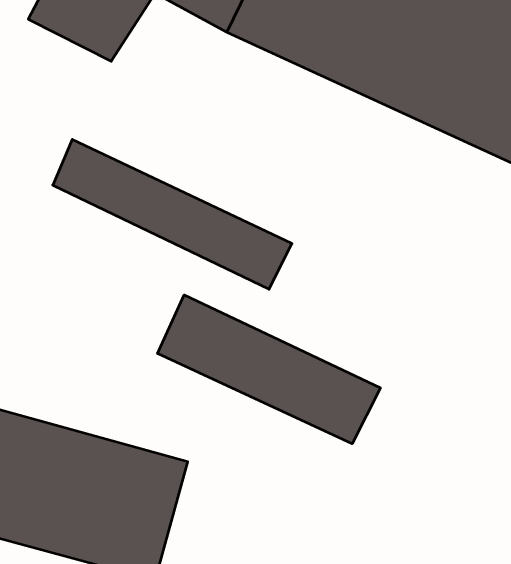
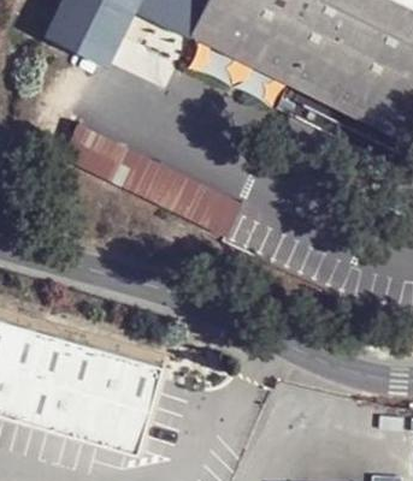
building: [158,295,380,444] -> none

